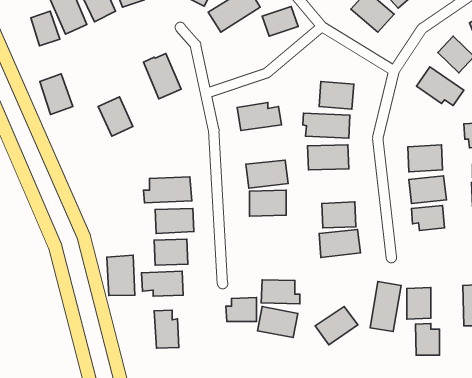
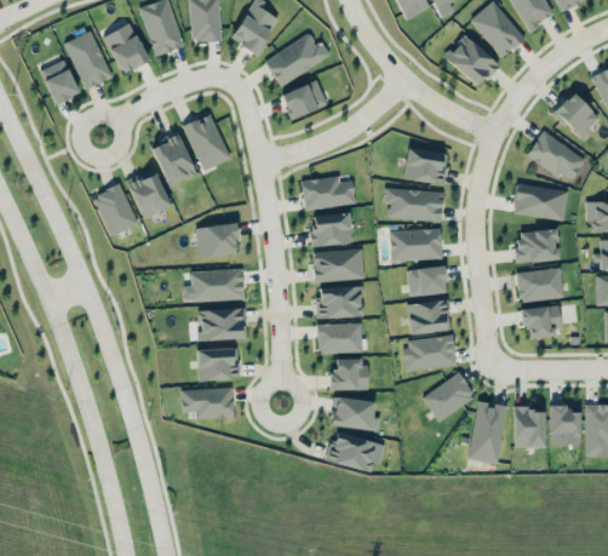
building: [262,6,298,36] -> [282,81,327,119]
building: none -> [153,134,196,187]
building: [40,74,73,114] -> [96,184,137,235]
building: none -> [514,184,568,219]
building: none -> [310,212,352,247]
building: none -> [196,222,240,259]
building: none -> [408,266,447,296]
building: none -> [319,323,363,354]
building: [107,255,135,295] -> none
building: [226,297,257,321] -> [329,360,368,390]
building: [315,306,358,345] -> [423,373,476,422]
building: [154,310,179,348] -> none
building: [415,323,439,355] -> [550,405,580,445]

